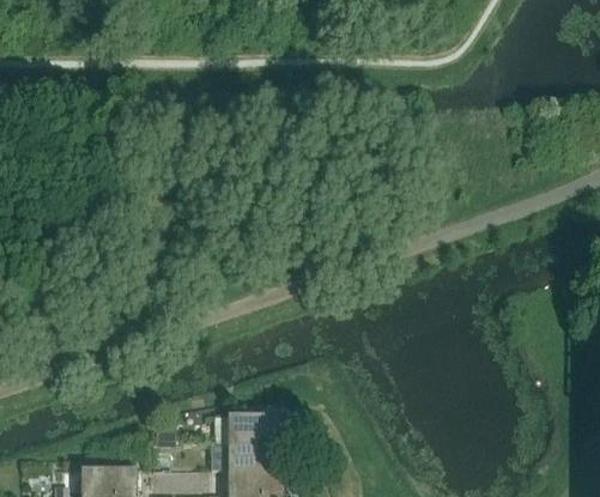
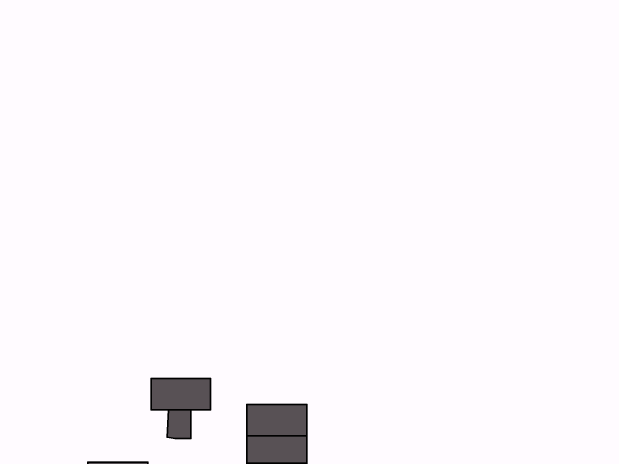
building: none -> [151,378,211,410]

